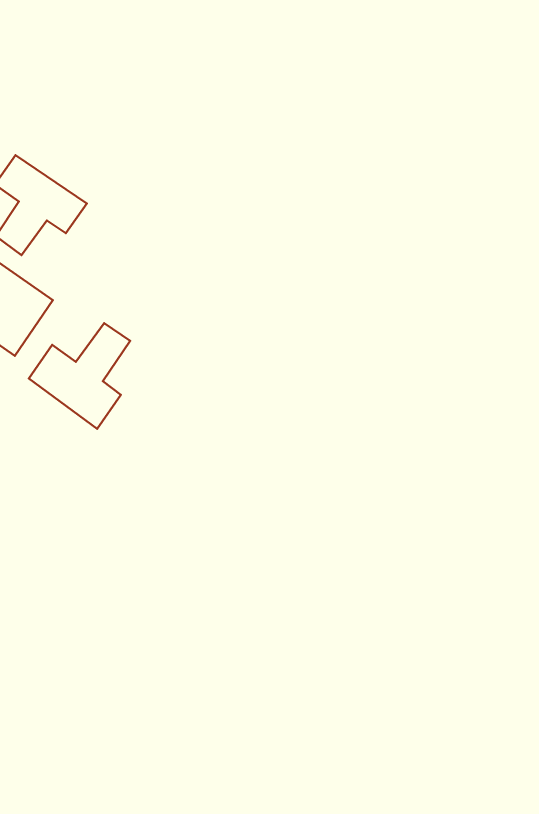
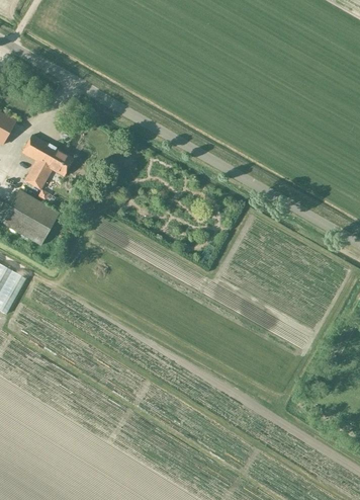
building: [29,323,130,429] -> none

